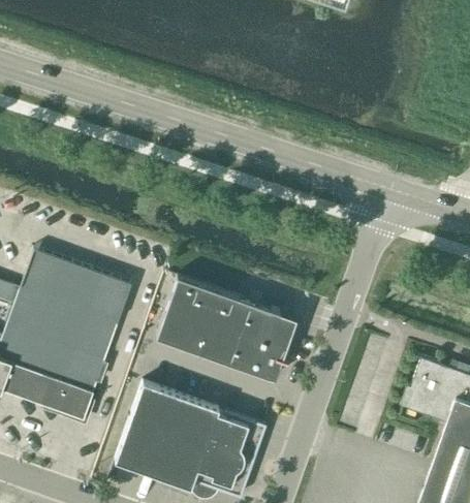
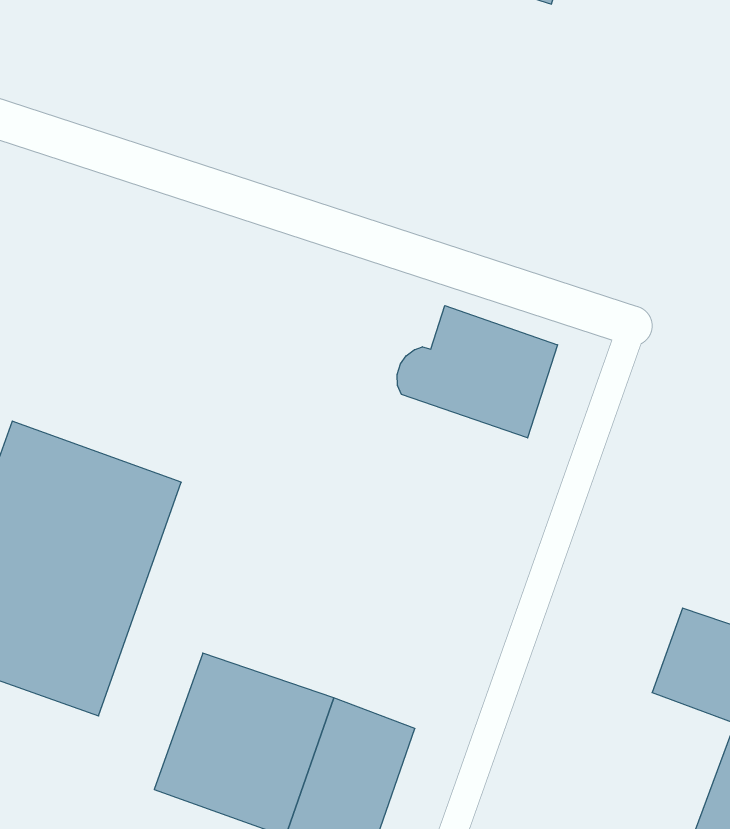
building: none -> [397,306,558,438]
building: [155,278,295,380] -> none

